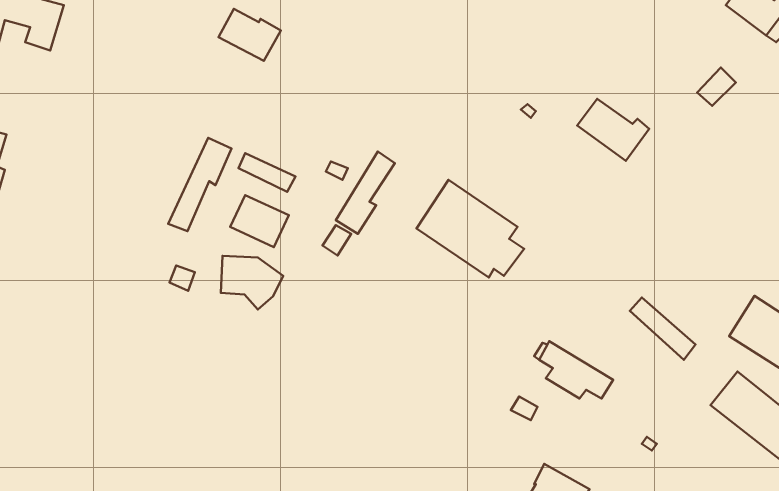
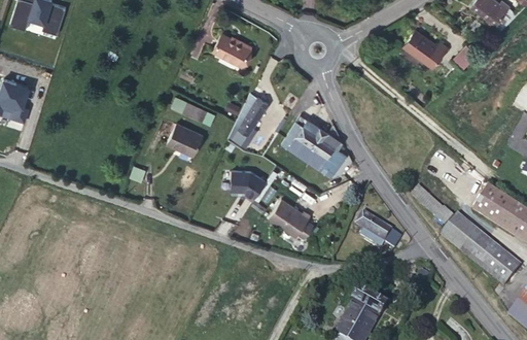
building: [219,9,281,61] -> [212,32,250,64]
building: [577,99,649,161] -> [402,28,447,66]
building: [168,138,231,231] -> none
building: [221,256,283,310] -> [230,169,268,202]
building: none -> [268,197,314,237]
building: none -> [441,213,478,250]

